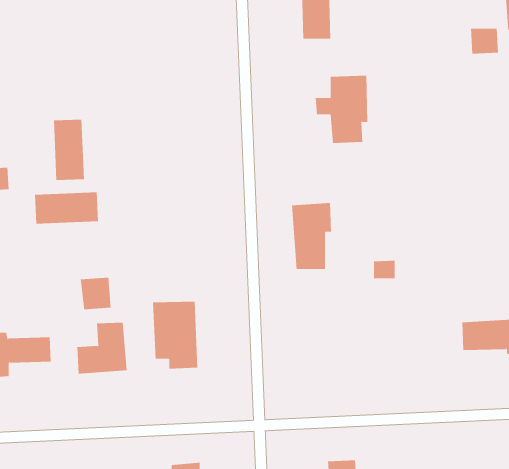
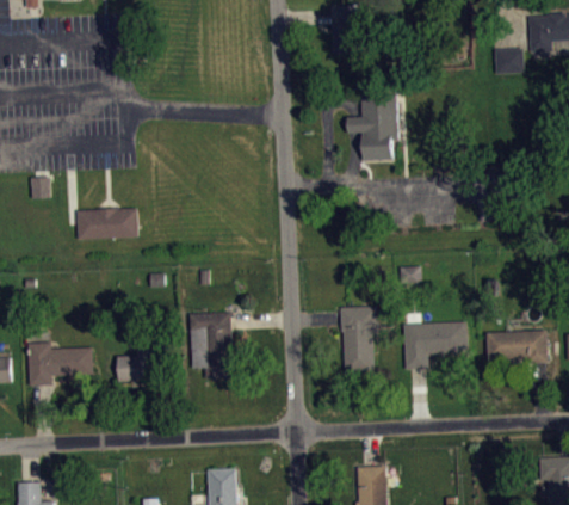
building: [53,119,84,181] -> none
building: [291,203,332,270] -> [339,306,378,370]
building: [80,277,111,310] -> none
building: none -> [402,322,465,369]

